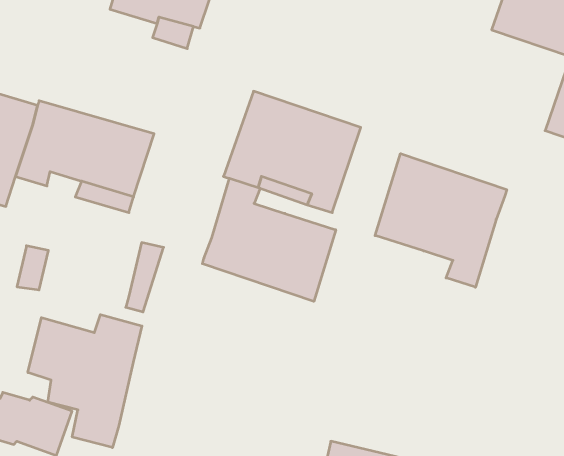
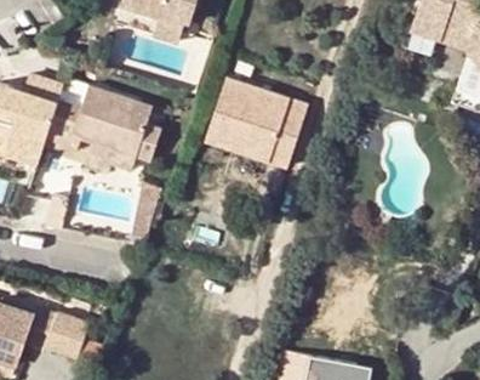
building: [375,154,507,287] -> none
building: [202,178,336,301] -> none
building: [28,315,142,448] -> none

